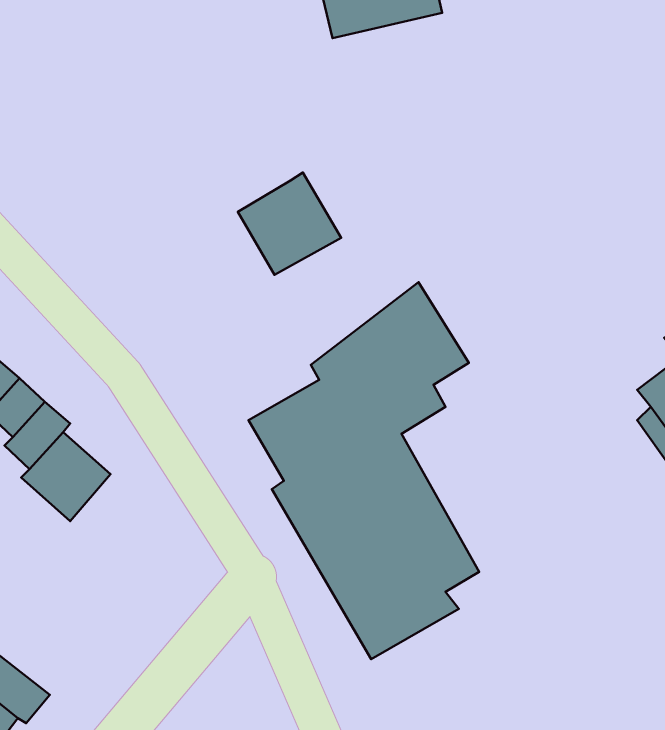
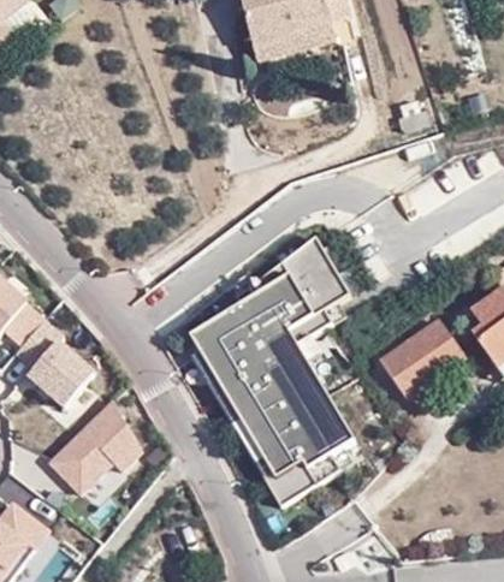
building: [238,172,341,275] -> none
building: none -> [378,319,462,397]
building: none -> [49,402,140,492]

